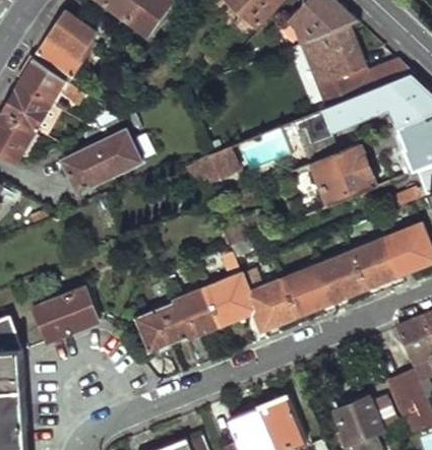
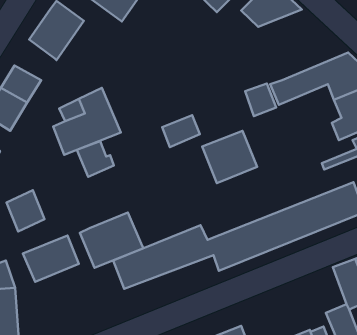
building: [303,21,414,105] -> none
building: [16,54,66,105] -> none
building: [307,145,372,207] -> [202,131,257,183]
building: none -> [77,141,114,177]
building: none -> [6,190,45,231]
building: none -> [80,213,144,268]

